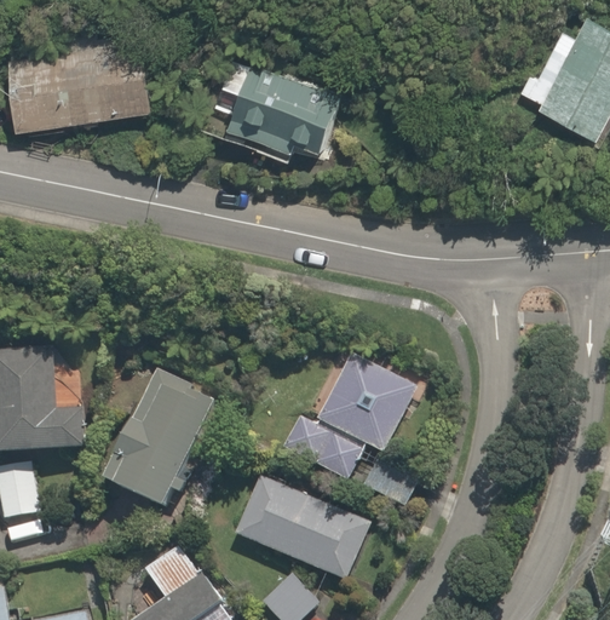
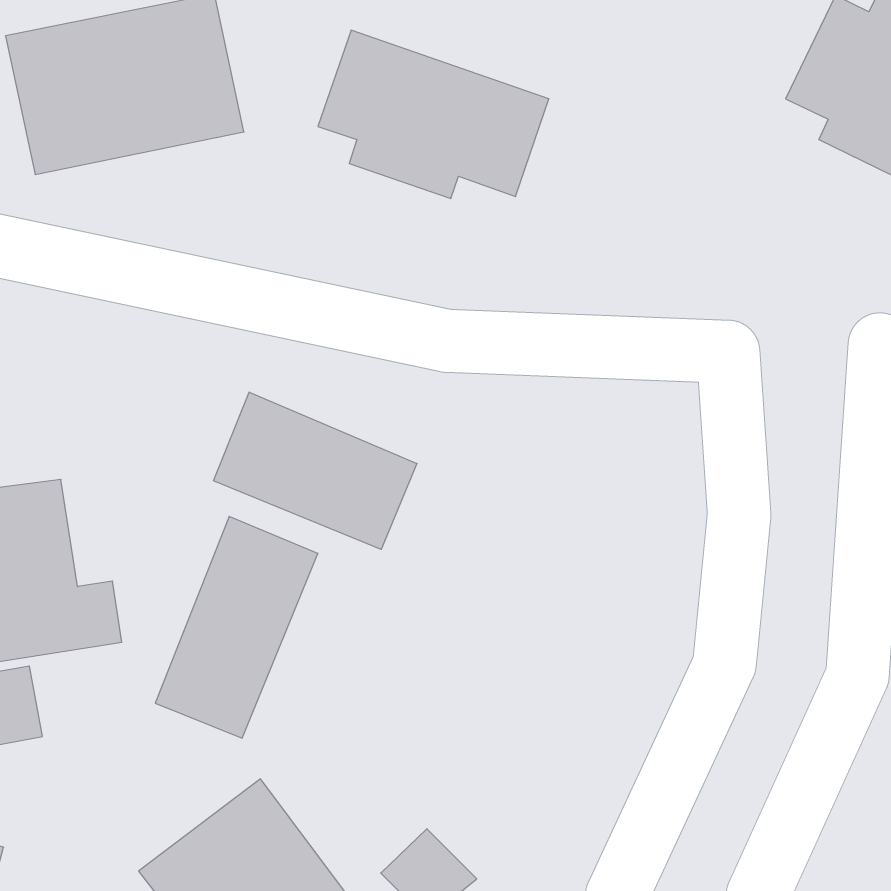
building: none -> [213,392,417,549]
building: [280,357,422,484] -> none
building: [234,469,373,580] -> none

